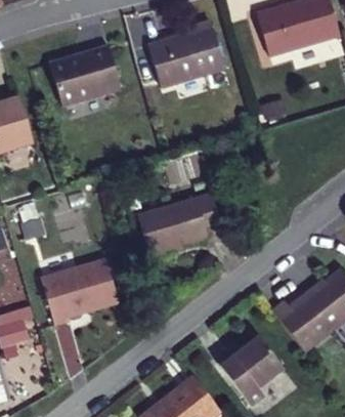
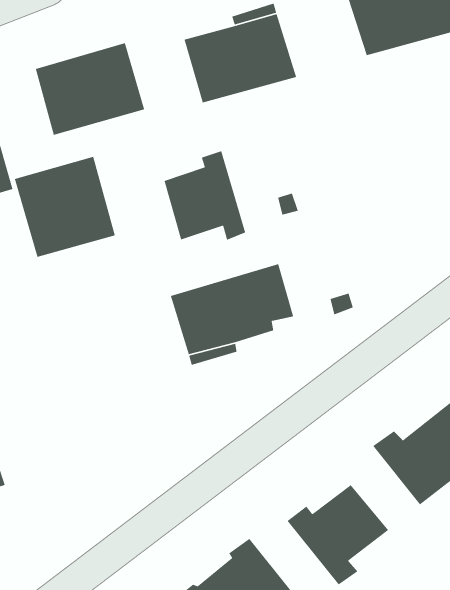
building: none -> [164,150,246,241]
building: none -> [14,156,116,258]
building: [39,260,118,328] -> none

